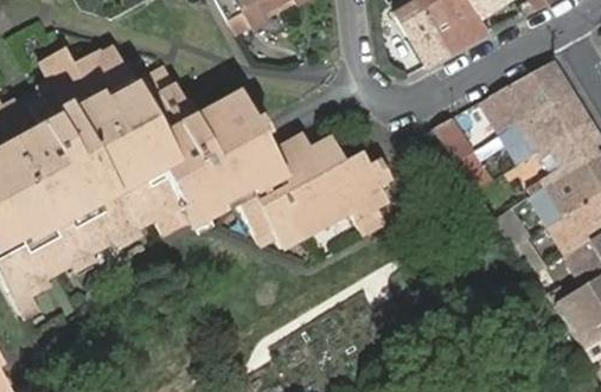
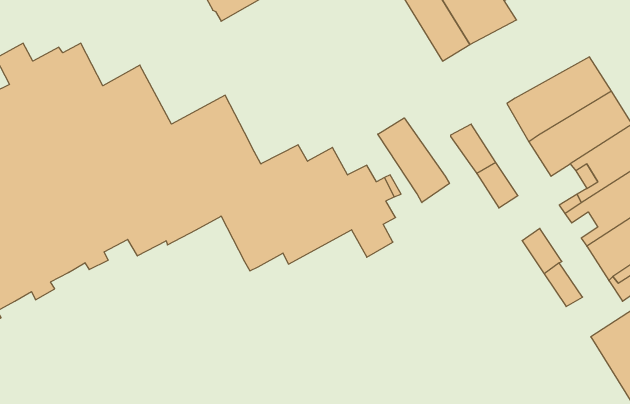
building: none -> [378,118,449,203]

